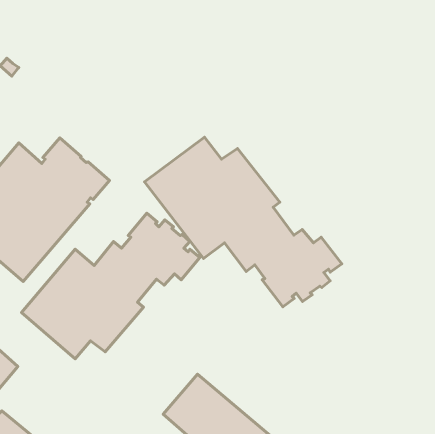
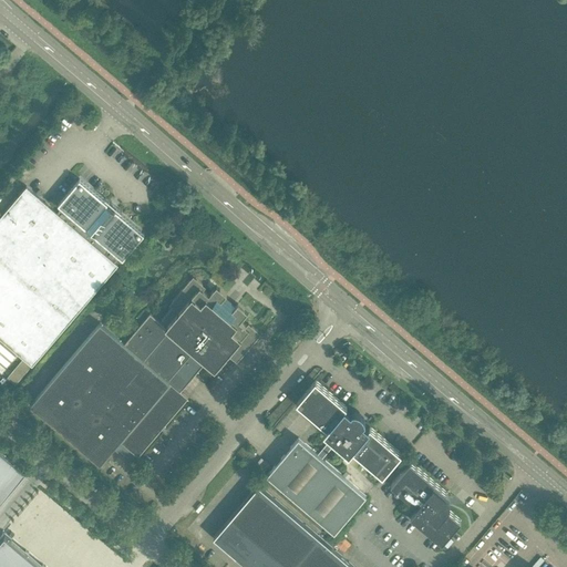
building: [145,137,342,307] -> none
building: none -> [265,384,458,547]

